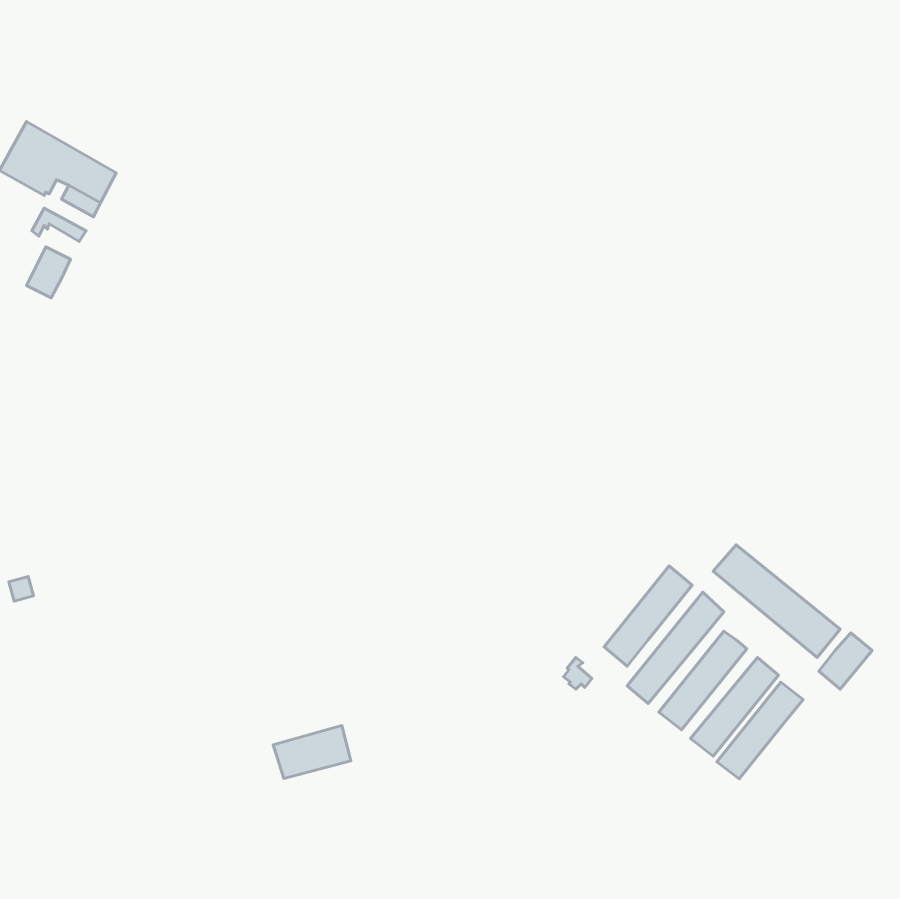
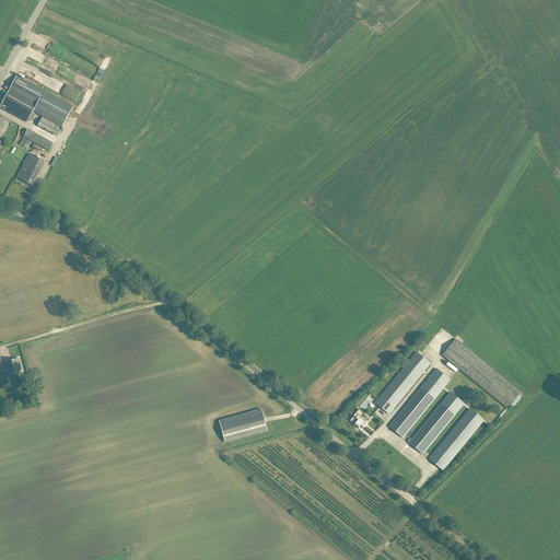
building: [819,633,872,689] -> none
building: [717,682,803,779] -> none
building: [273,726,351,778] -> [219,408,267,441]

